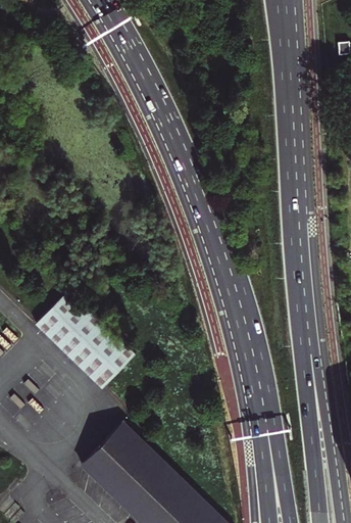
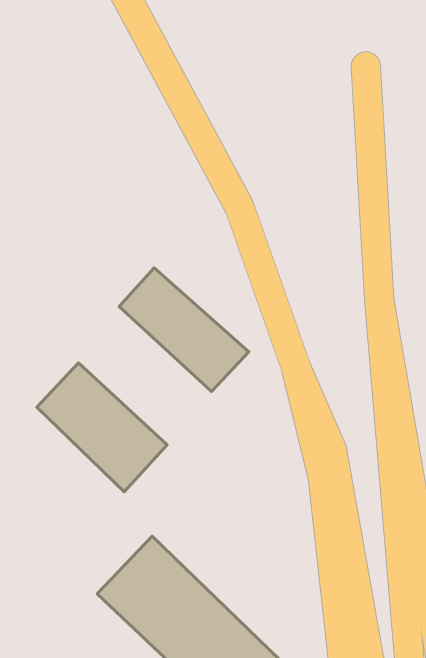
building: none -> [119,268,249,392]

